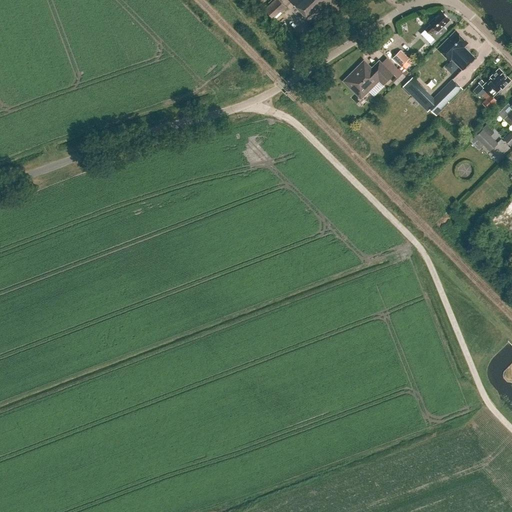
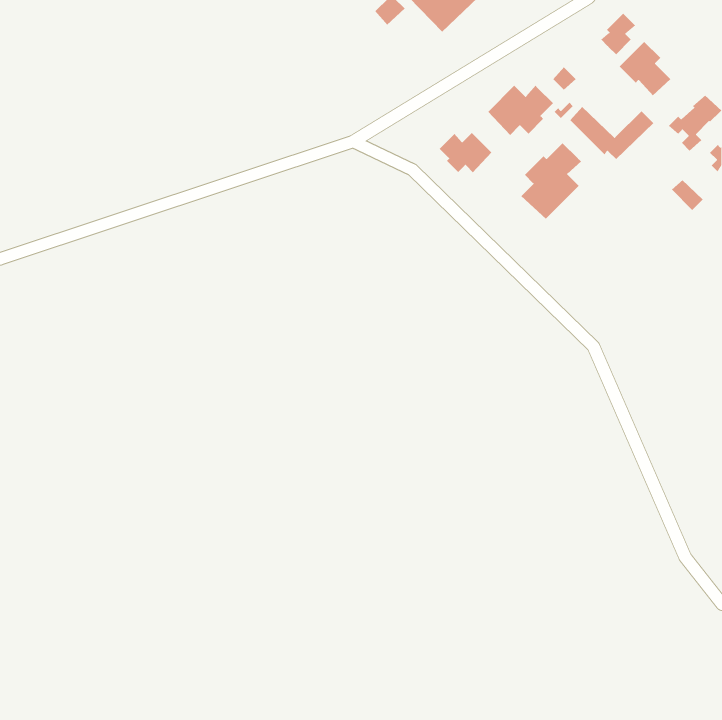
building: none -> [439,132,492,173]
building: none -> [521,142,582,220]

